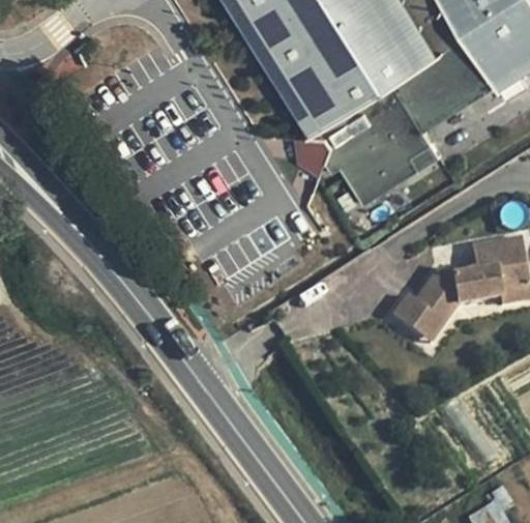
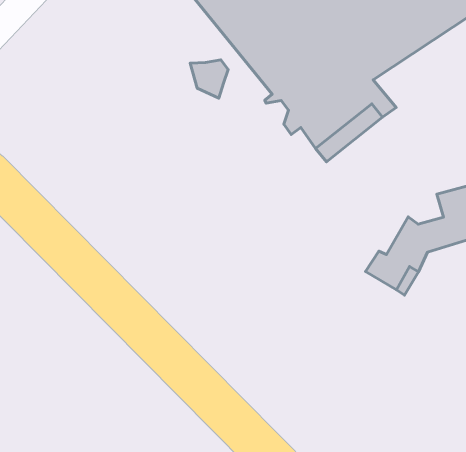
building: [294,137,331,175] -> [190,60,228,98]

